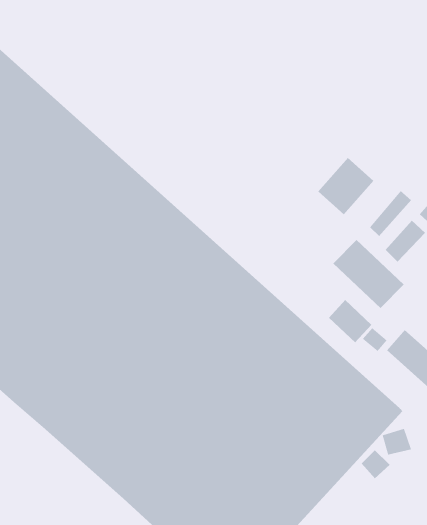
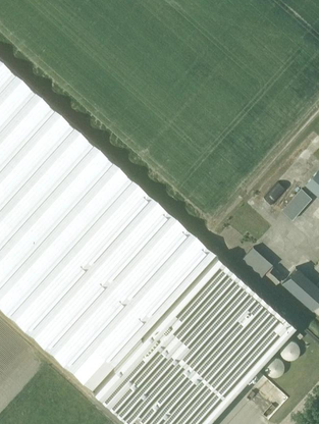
building: [317,157,374,215] -> none
building: [333,239,404,309] -> none

